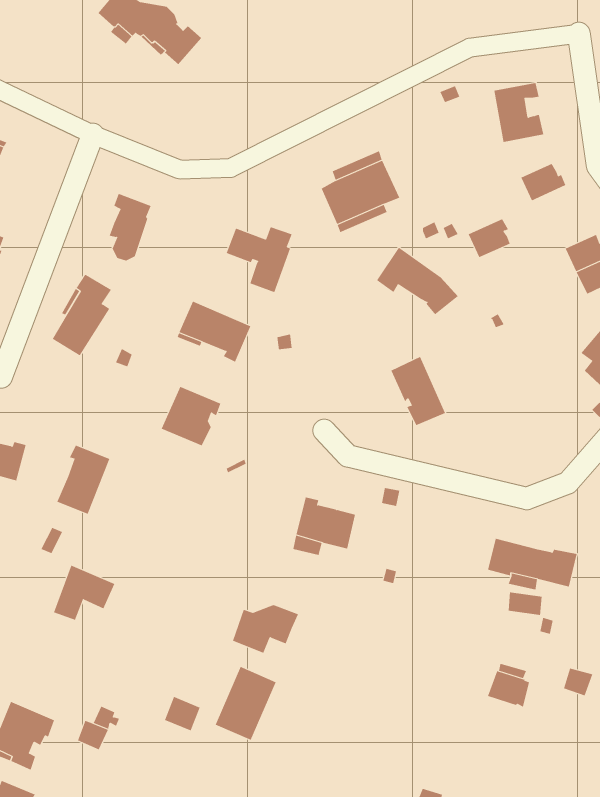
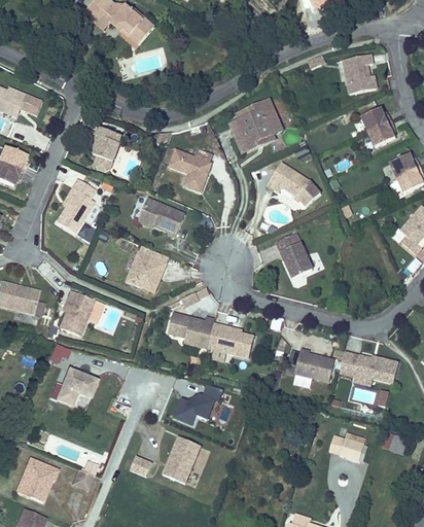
building: [468,218,511,258] -> [368,121,396,147]
building: none -> [169,312,215,346]
building: none -> [295,348,335,381]

